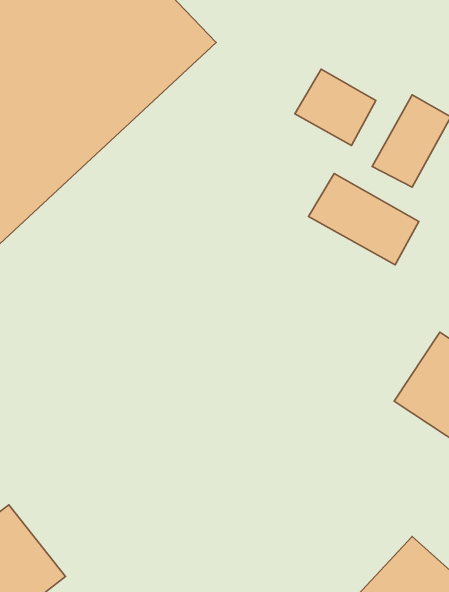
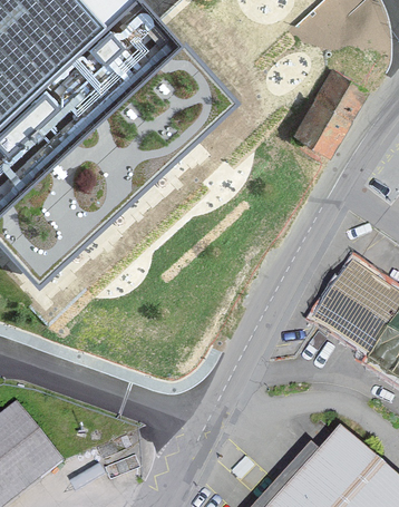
building: [295,69,376,145] -> none
building: [308,174,419,265] -> none

